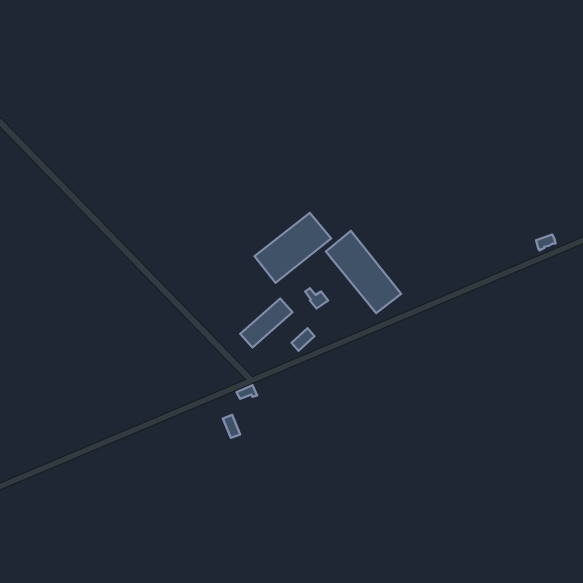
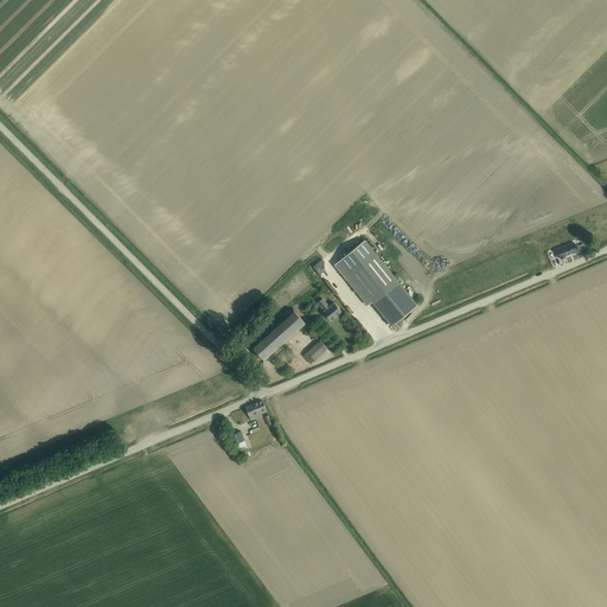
building: [255,213,331,283] -> none

